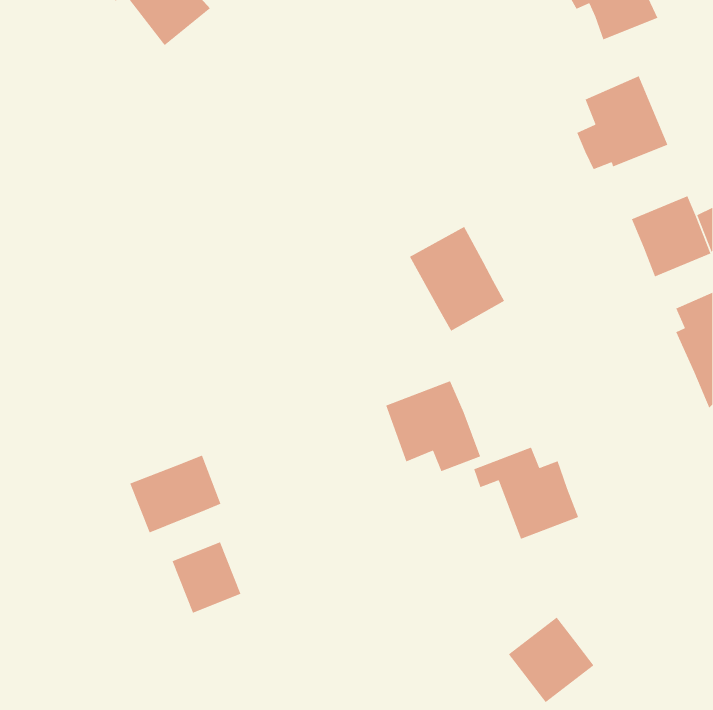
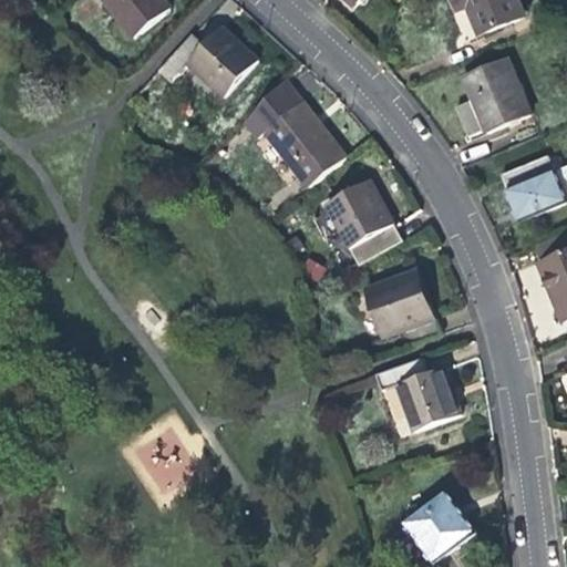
building: none -> [157,27,257,99]
building: none -> [243,80,344,186]
building: [385,380,481,472] -> [364,270,441,343]
building: [129,455,222,534] -> none

